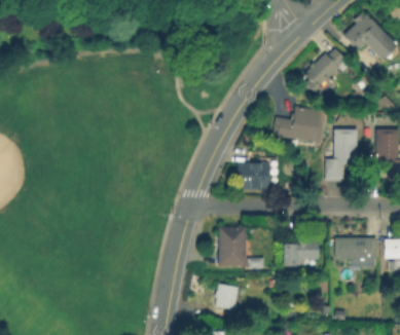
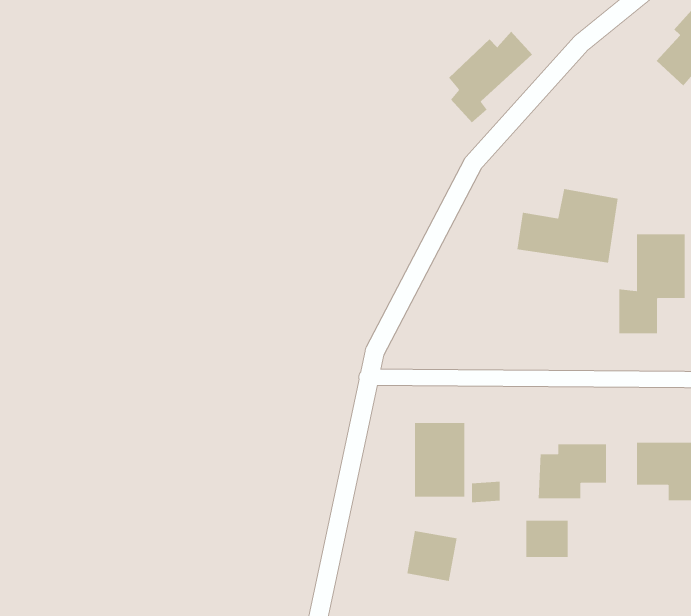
building: [304,48,349,97] -> [448,31,533,123]
building: [237,163,270,191] -> none
building: none -> [526,520,568,558]

